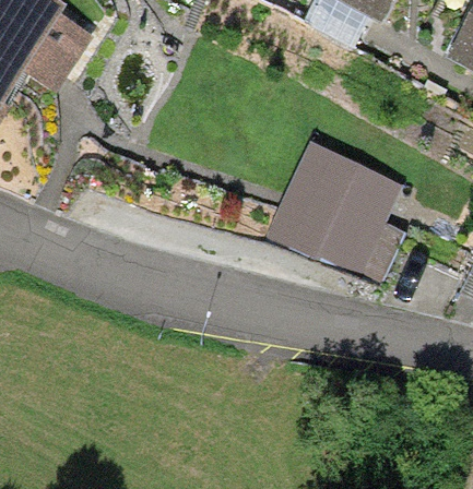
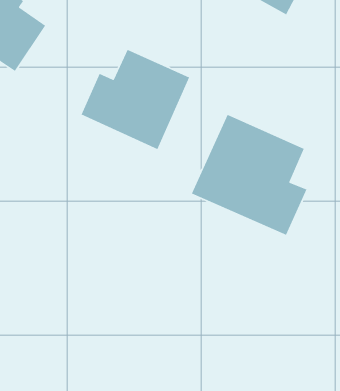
building: none -> [81,49,190,150]

